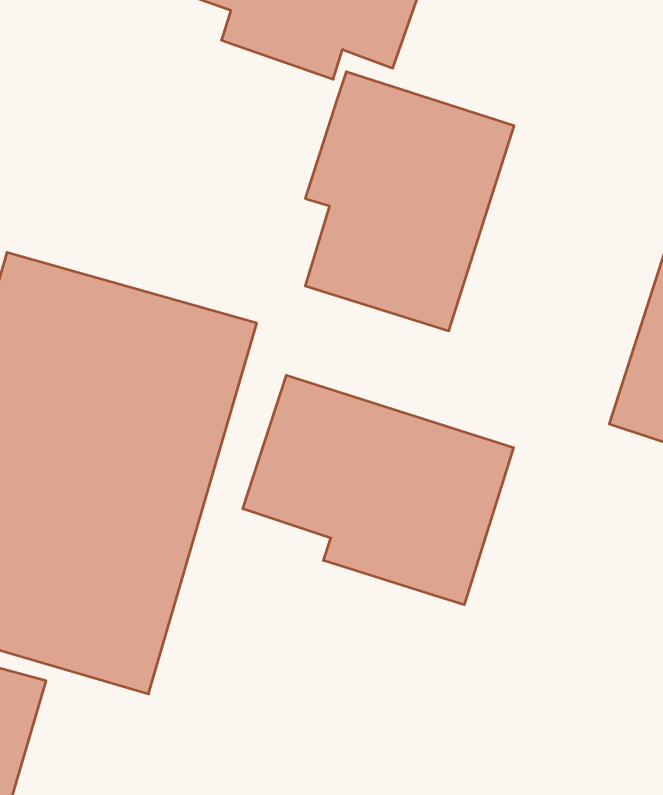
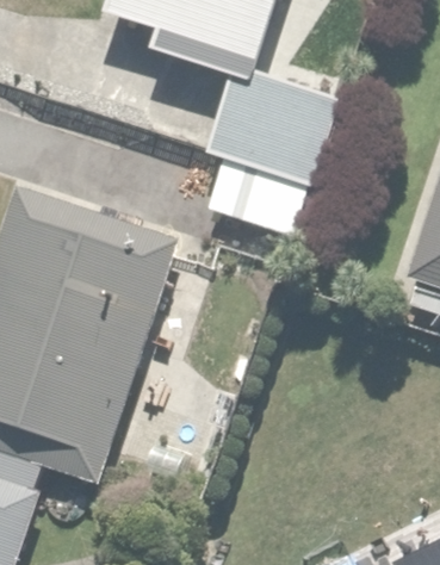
building: [243,375,514,605] -> none

